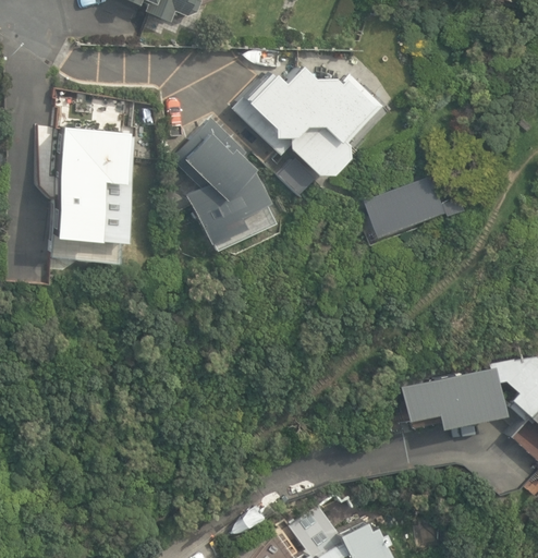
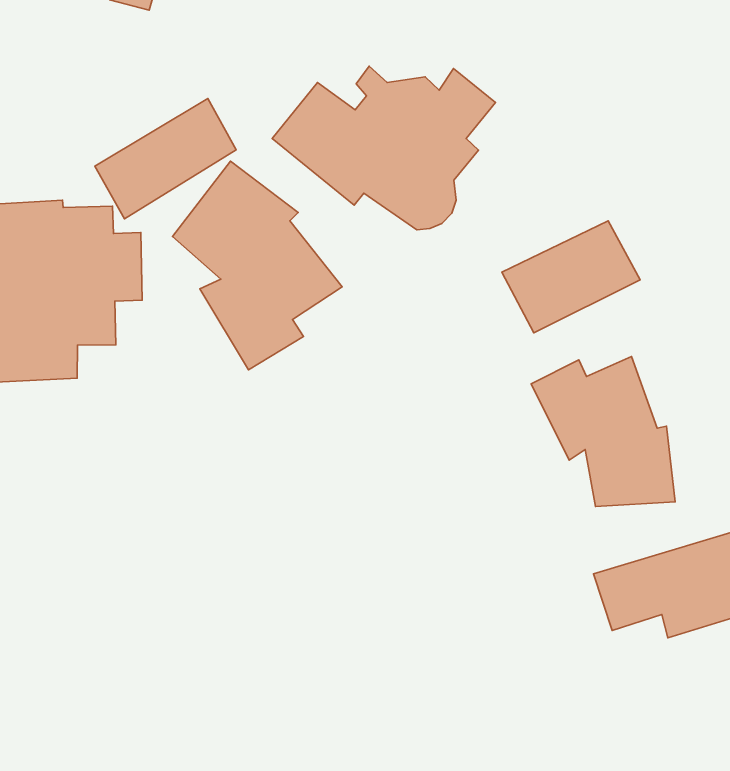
building: none -> [95,98,236,219]
building: none -> [531,357,675,506]

